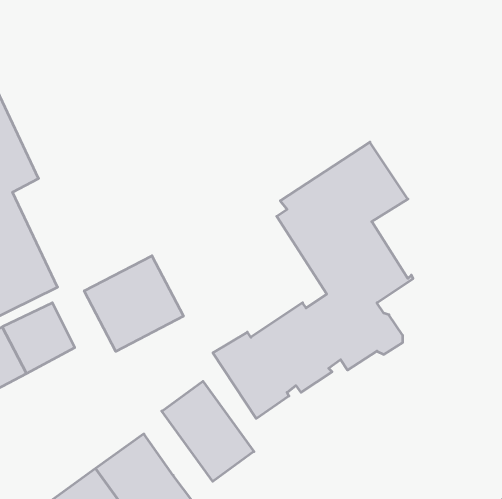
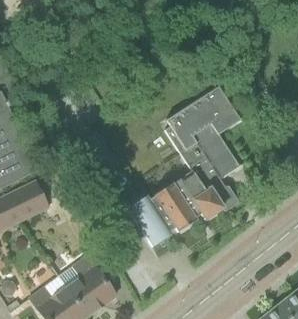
building: [84,256,183,351] -> none
building: [162,381,254,481] -> none

